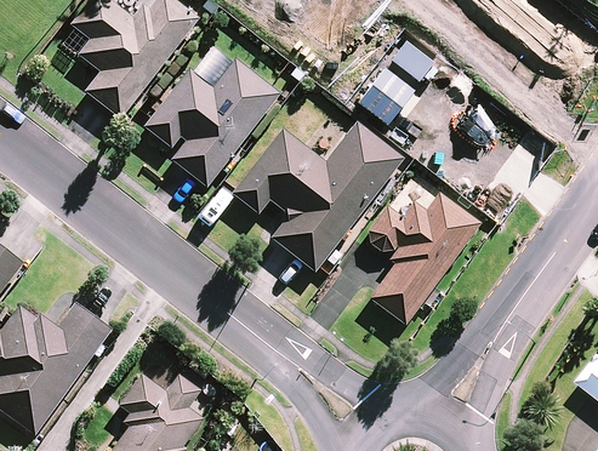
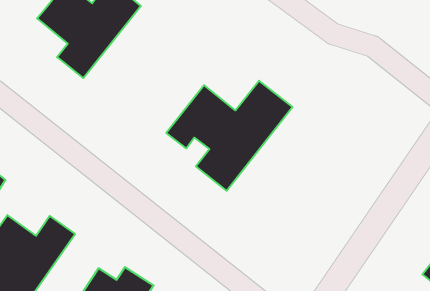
building: [144,61,279,187] -> none
building: [363,192,480,324] -> none

